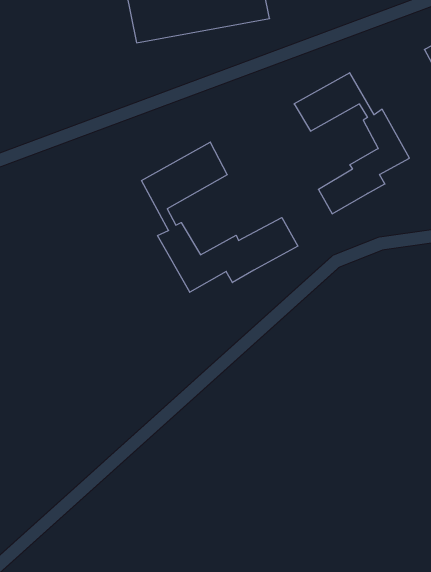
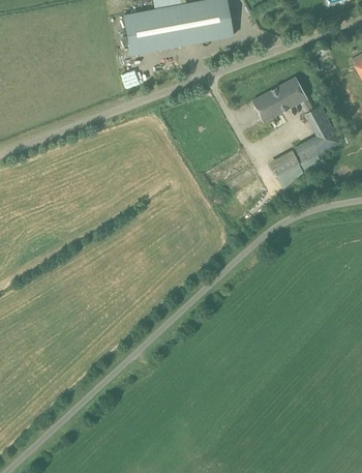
building: [142,142,298,292] -> none

